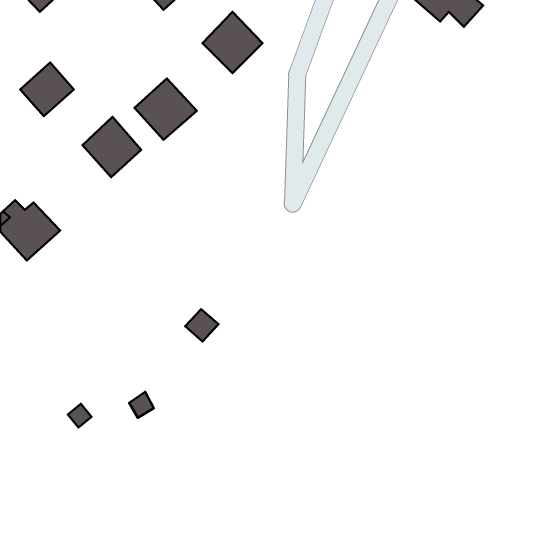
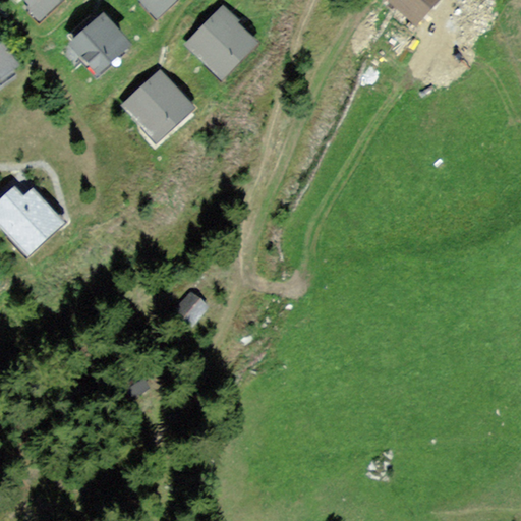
building: [20,62,74,116] -> [74,17,125,68]
building: [82,117,141,177] -> none

